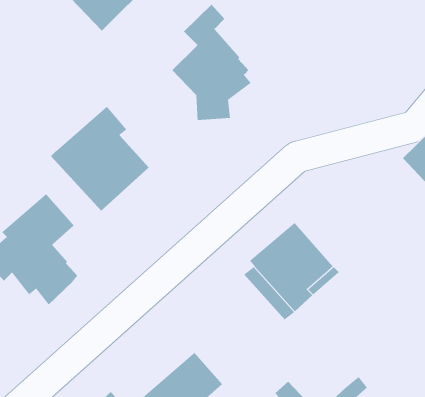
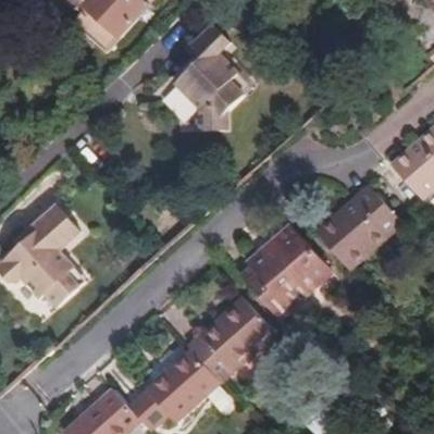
building: [50,106,149,211] -> none
building: none -> [313,187,401,274]
building: none -> [191,300,274,381]

